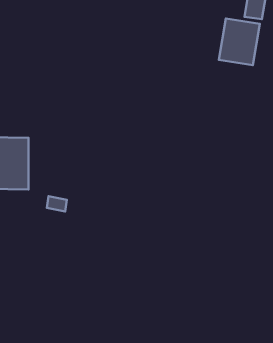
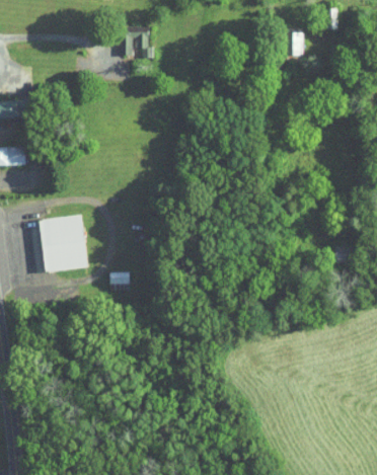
building: [219,18,260,65] -> none

